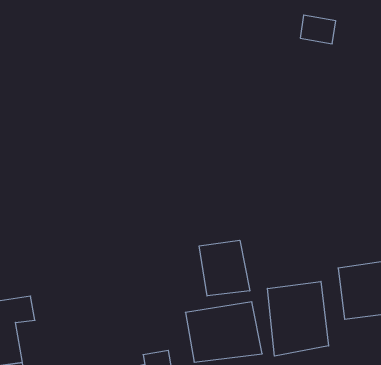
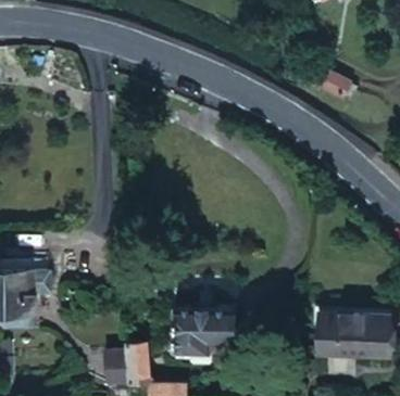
building: [199,240,250,296] -> none
building: [267,281,329,356] -> none

